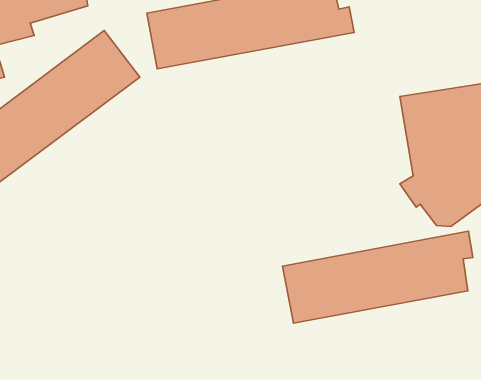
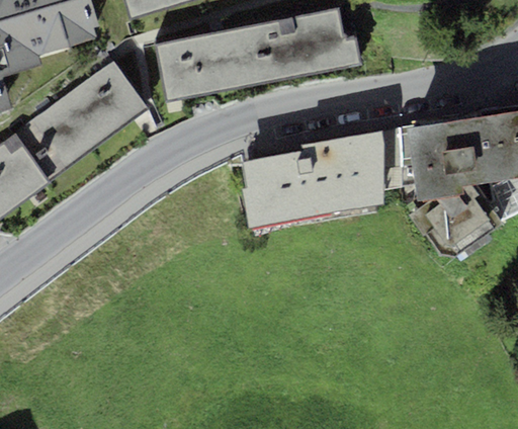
building: none -> [241,126,401,227]
building: [283,231,473,323] -> none

